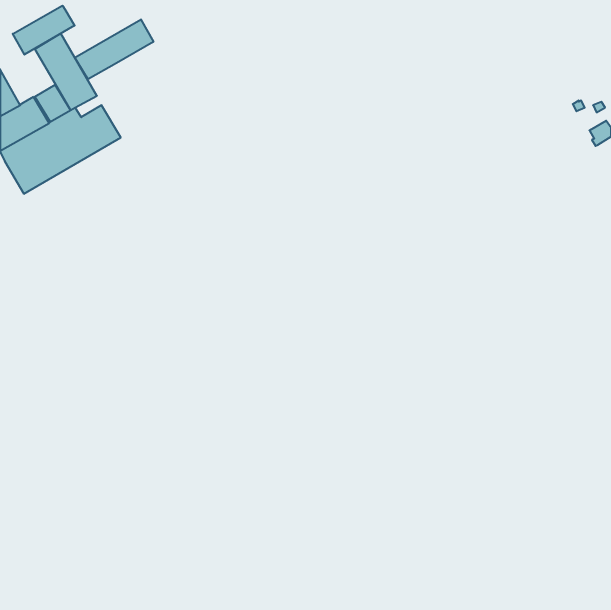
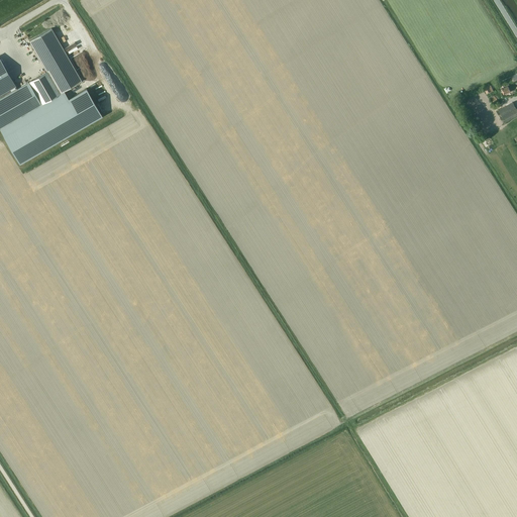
building: [13,6,75,55] -> none
building: [75,19,153,79] -> none

